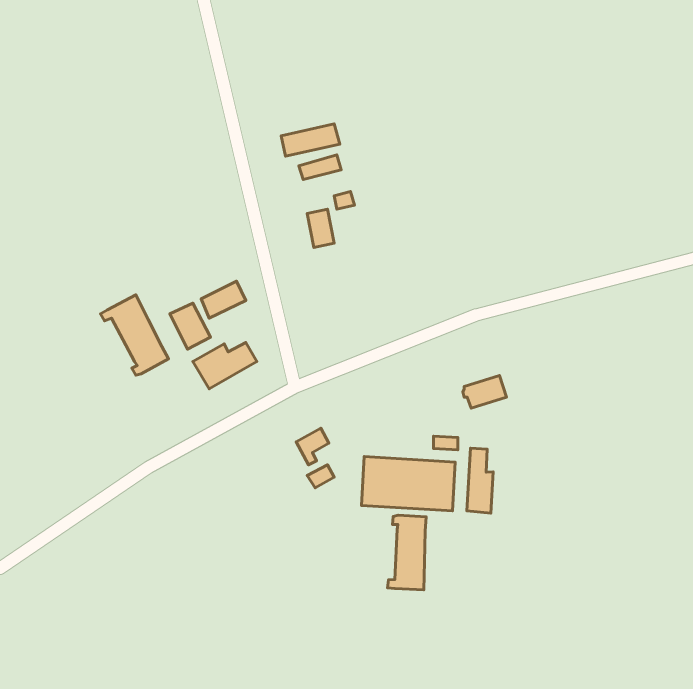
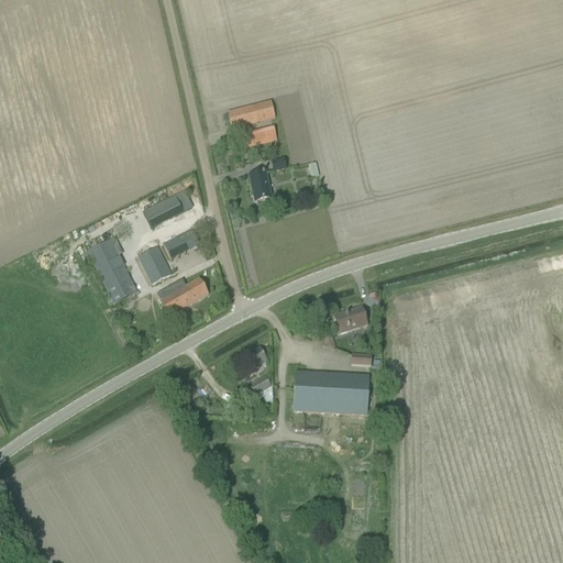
building: none -> [143,189,194,225]
building: [463,375,506,408] -> [333,306,368,332]
building: [467,448,493,513] -> none
building: [388,515,426,590] -> none

